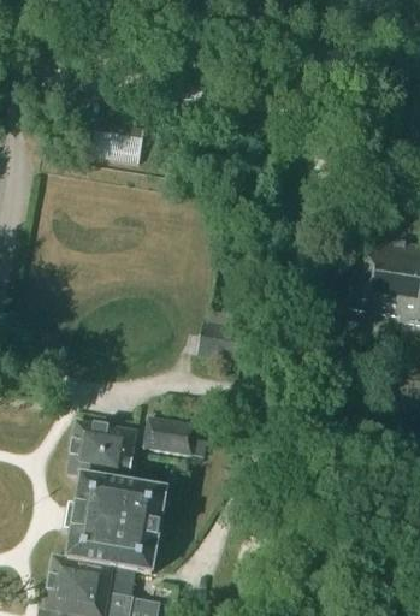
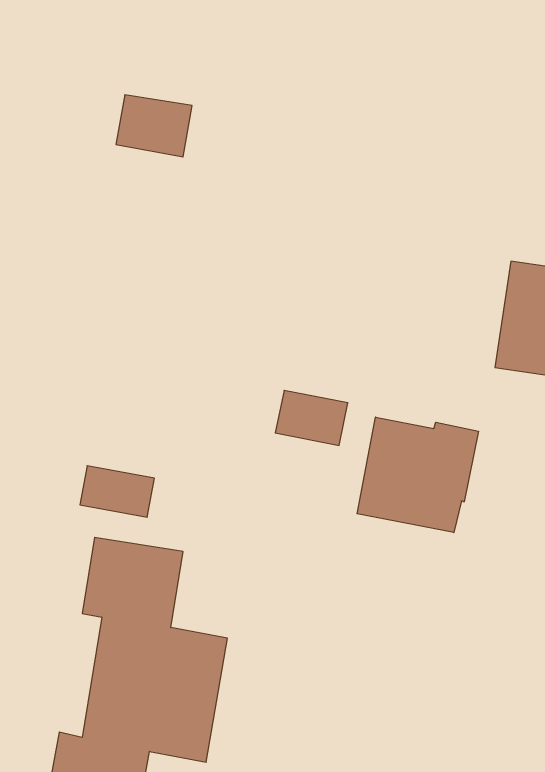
building: none -> [357,417,478,533]
building: [146,419,196,454] -> [80,466,154,517]

